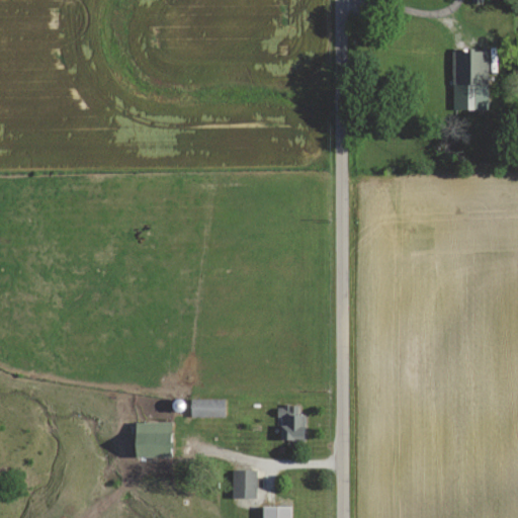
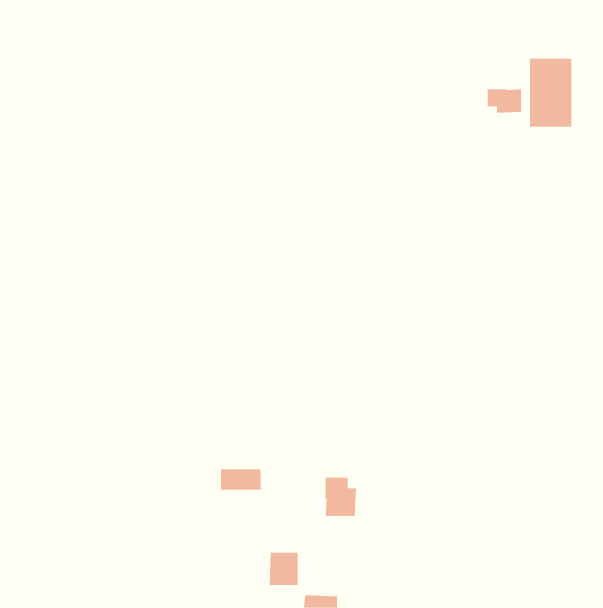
building: none -> [487,89,522,114]
building: [133,421,171,457] -> none

